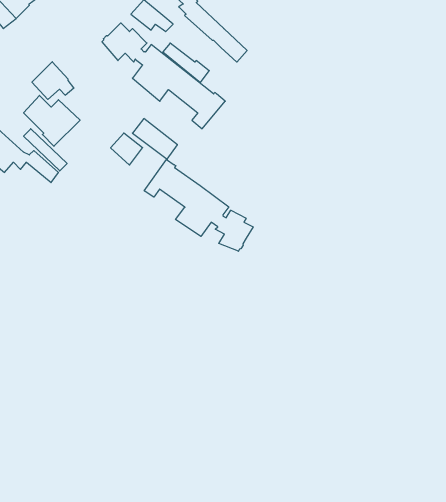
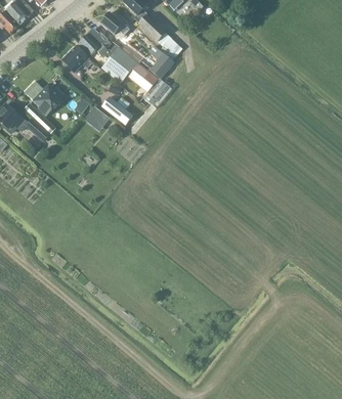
building: none -> [148,45,173,79]
building: [32,62,74,99] -> [61,45,91,72]
building: [144,159,253,251] -> none

